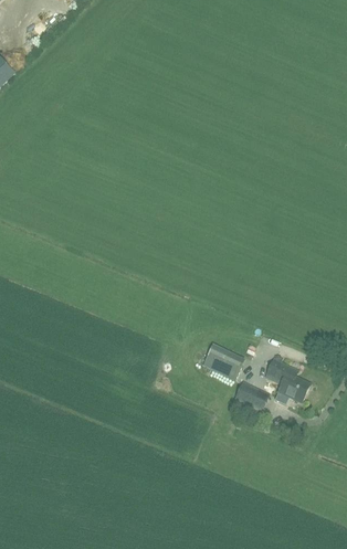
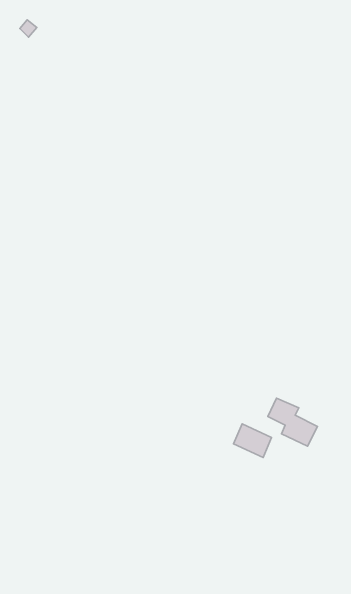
building: [202,344,244,380] -> none

